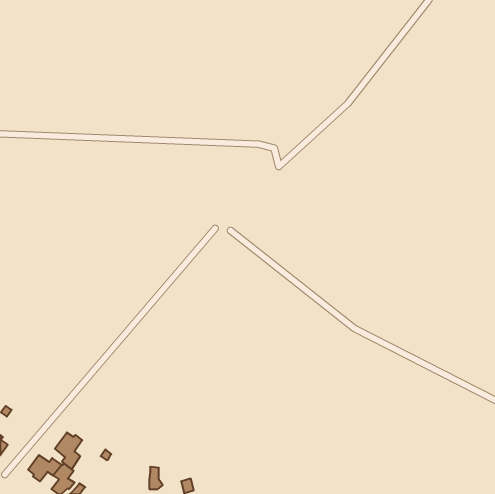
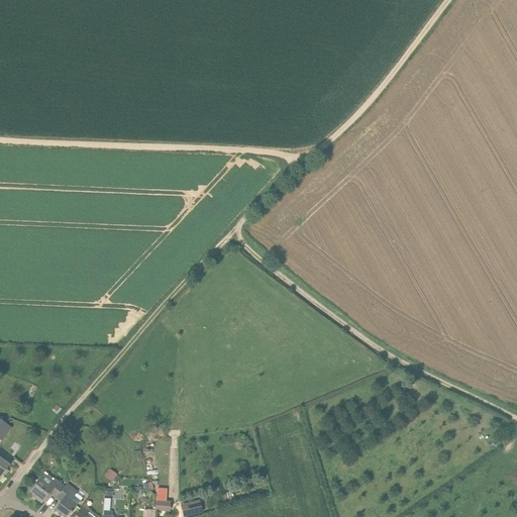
building: [55,432,82,469] -> none

